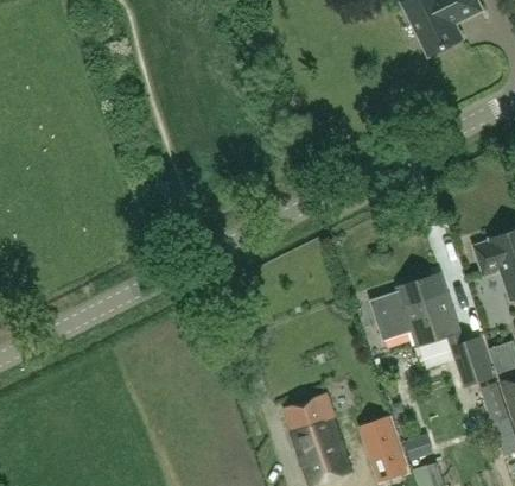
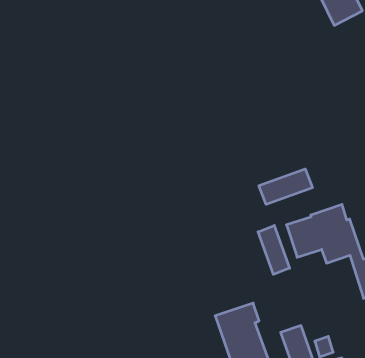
building: none -> [259,169,312,204]
building: none -> [258,225,290,274]

